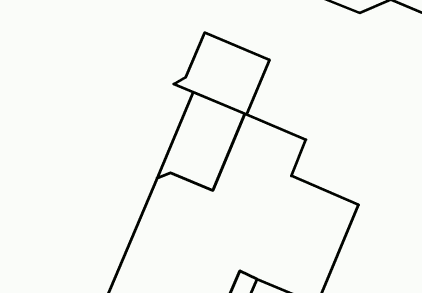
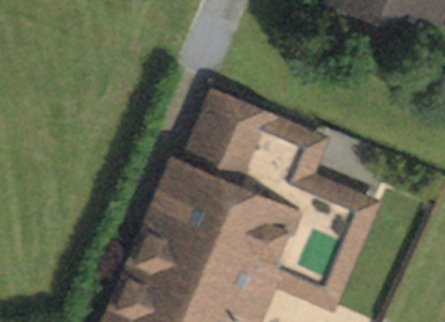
building: [174,33,269,114] -> none

